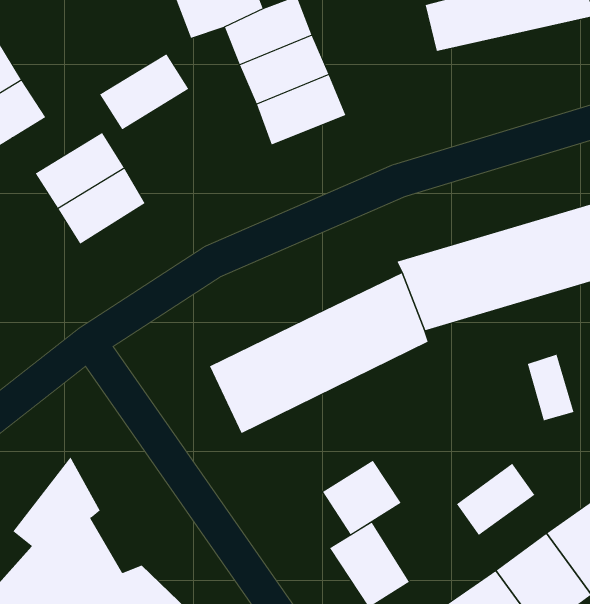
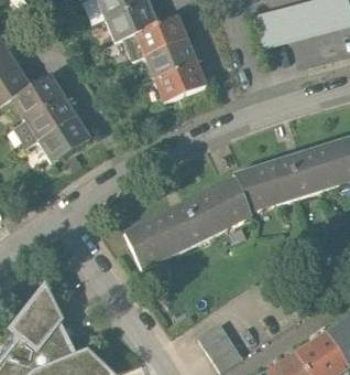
building: [99,53,189,130] -> [10,73,63,118]
building: [527,354,574,421] -> none
building: [322,460,401,535] -> none
building: [456,463,535,536] -> none

